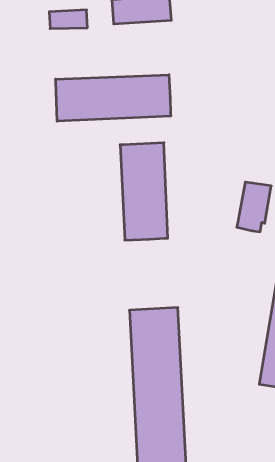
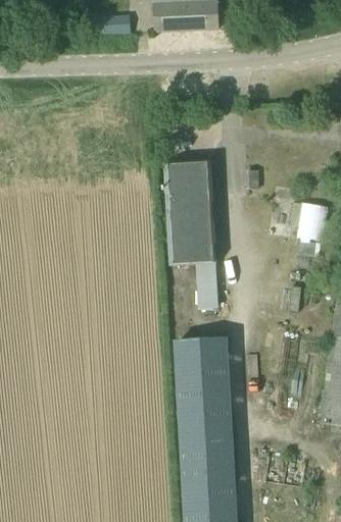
building: [56,75,171,121] -> none
building: none -> [195,263,218,308]

